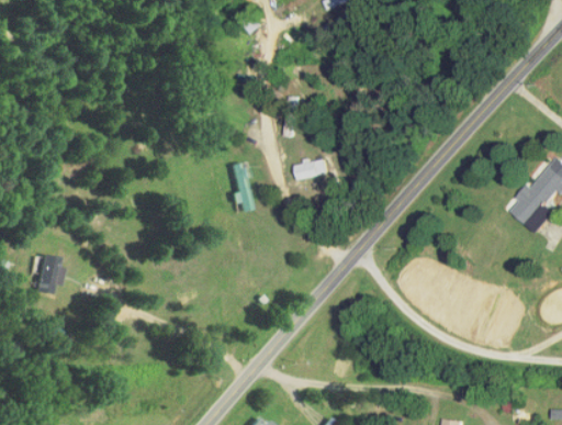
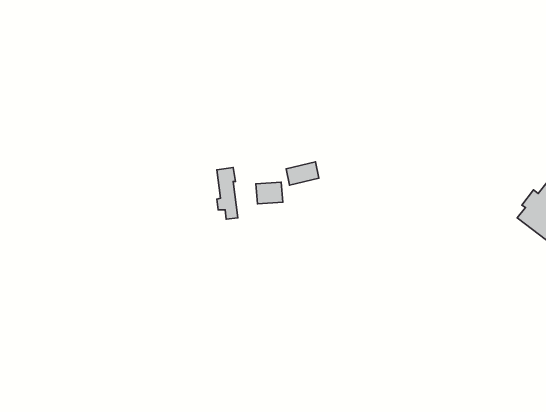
building: none -> [256,182,283,204]
building: [35,255,61,292] -> none

